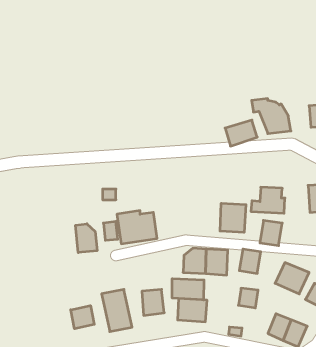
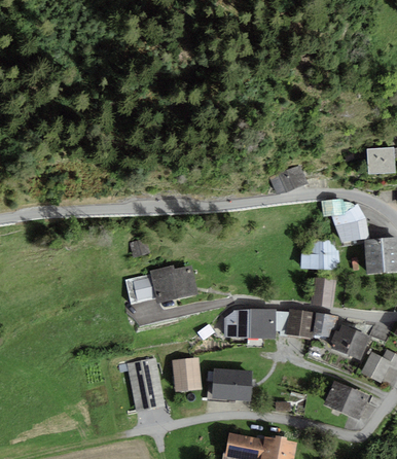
building: [252,99,291,134] -> [322,198,367,238]
building: [220,203,246,232] -> none
building: [76,224,97,253] -> none
building: [172,279,204,300] -> none
building: [238,288,258,308] -> [312,315,334,338]
building: [71,306,94,329] -> none

